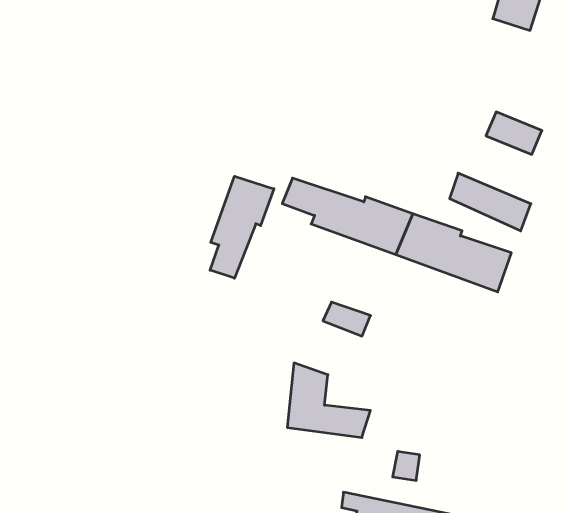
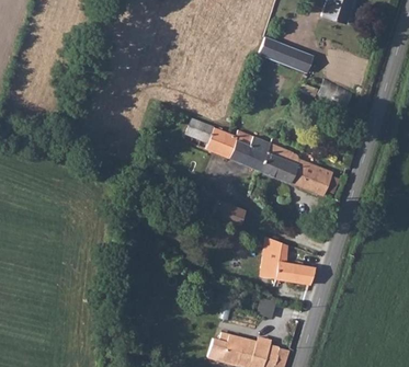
building: [450,173,531,231] -> [258,37,310,74]
building: [210,176,274,278] -> none
building: [287,363,370,438] -> [262,234,316,283]

